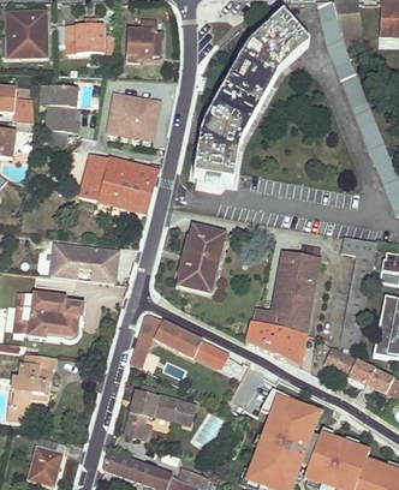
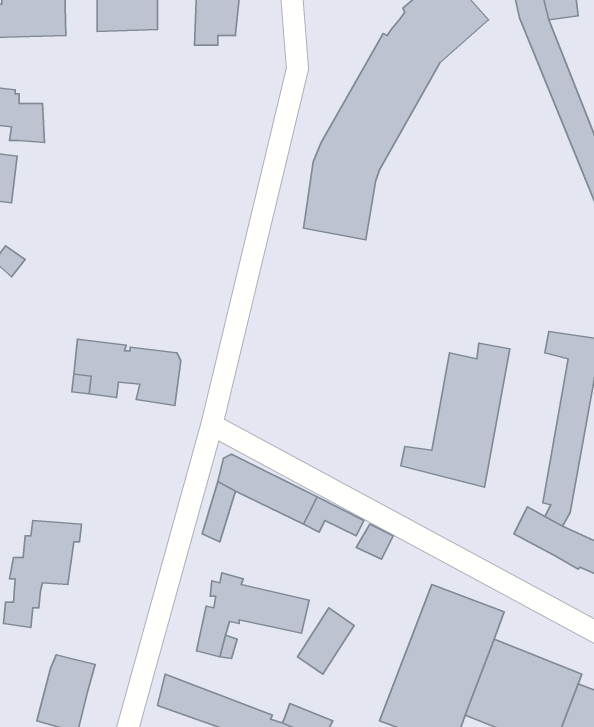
building: [47,84,82,132] -> none
building: [107,92,161,139] -> none
building: [79,154,160,214] -> none
building: [179,226,225,292] -> none
building: [28,292,84,336] -> none
building: [244,321,305,366] -> none

